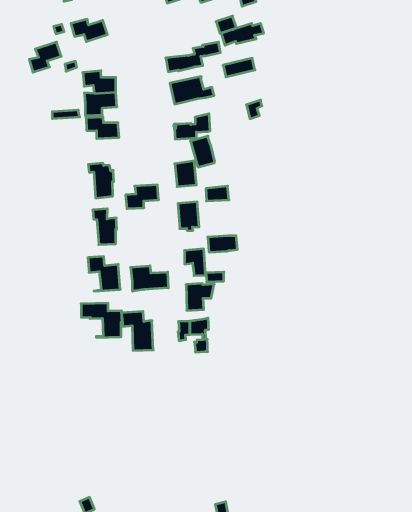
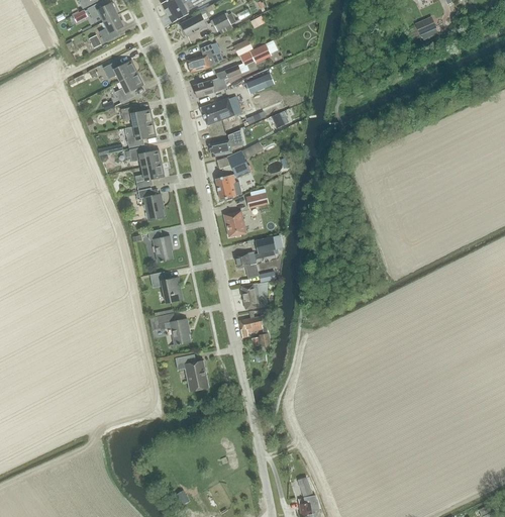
building: none -> [187,43,223,72]
building: [29,42,61,72] -> [115,72,143,102]
building: [126,185,159,209] -> [134,163,165,188]
building: [131,266,168,291] -> none
building: [122,311,153,350] -> [175,353,208,390]

